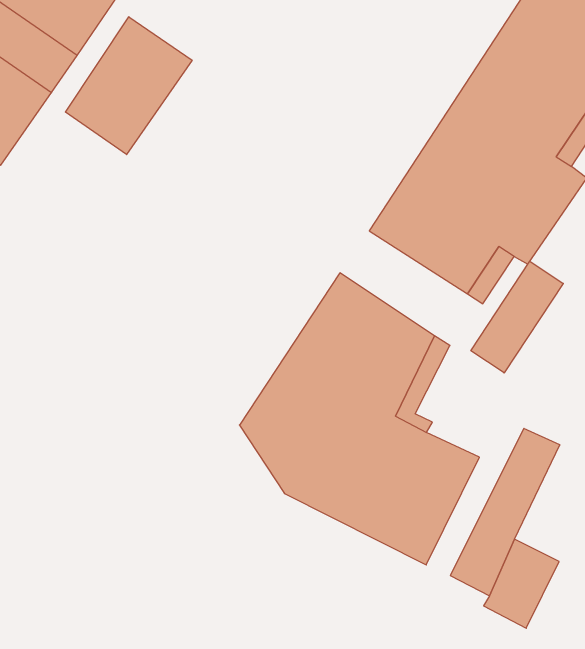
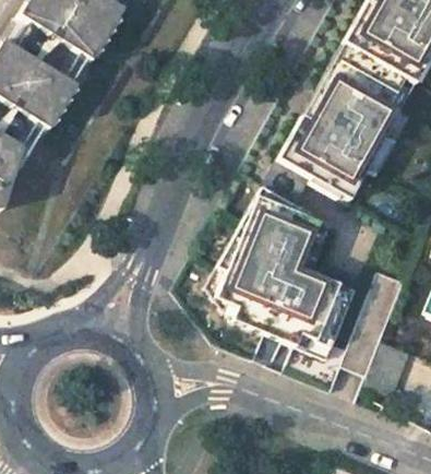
building: [65,17,192,155] -> none
building: [471,261,563,373] -> none

